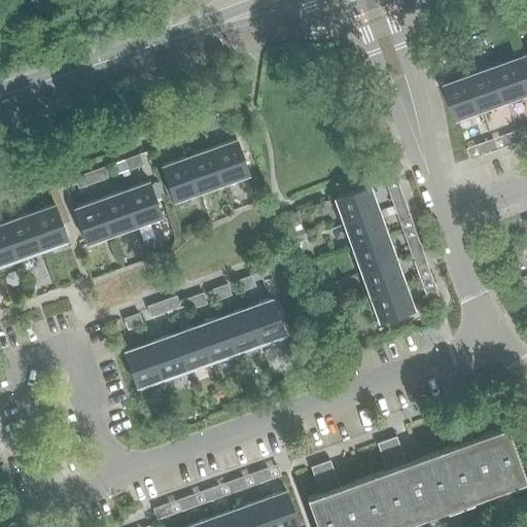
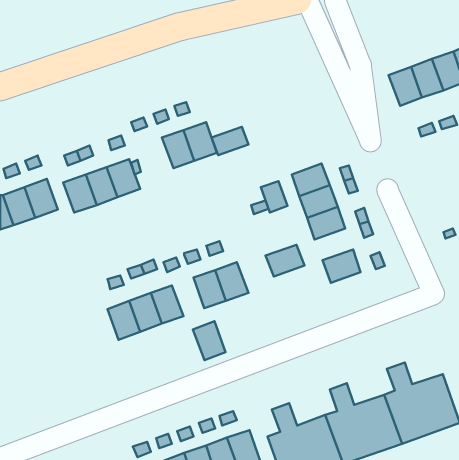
building: none -> [212,127,248,155]
building: [163,159,201,203] -> none
building: none -> [261,181,288,213]
building: [361,262,406,298] -> [266,245,304,276]
building: [199,318,236,362] -> [193,321,225,360]

